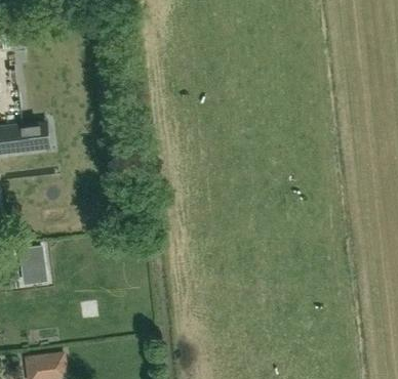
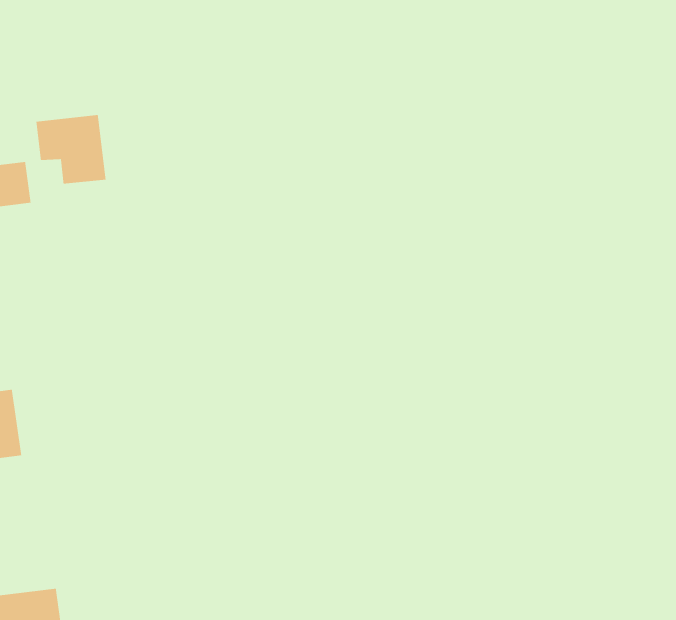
building: none -> [35,114,107,185]

